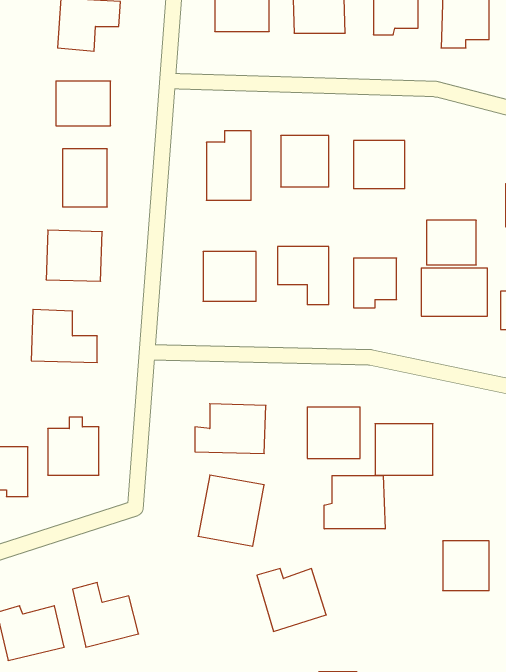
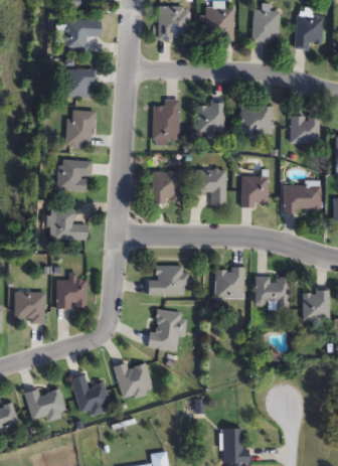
building: [427,220,476,265] -> [290,116,320,143]
building: [324,476,385,529] -> none
building: [443,541,489,591] -> [301,290,329,320]
building: [257,569,326,631] -> [113,361,155,400]

